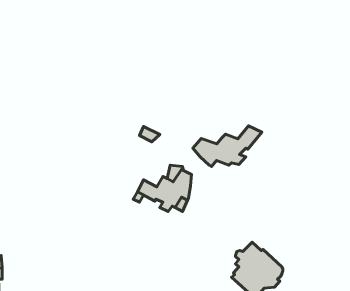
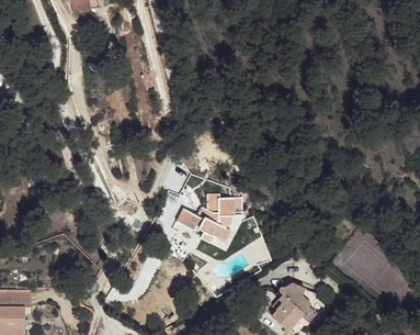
building: [193,126,262,166] -> none

